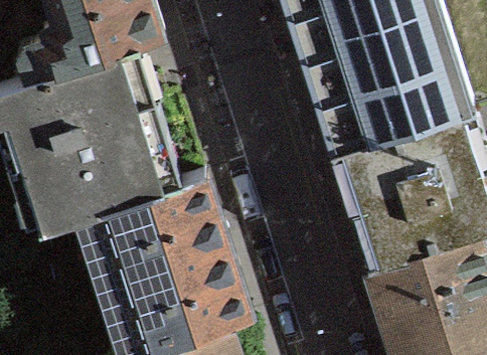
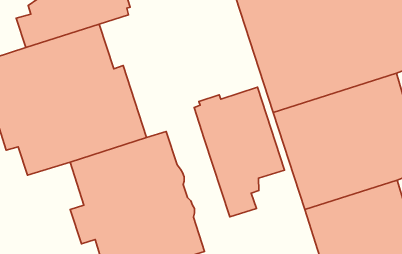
building: none -> [194,87,284,217]

